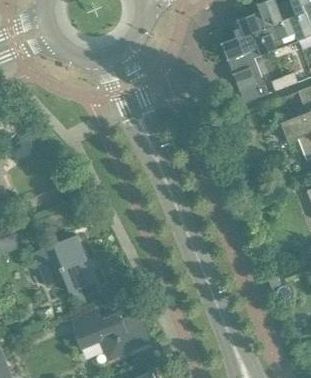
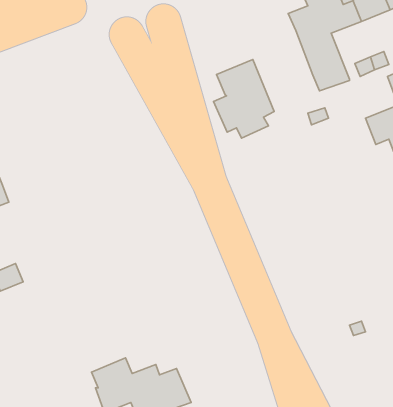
building: none -> [213,60,274,138]
building: [34,234,96,292] -> none

